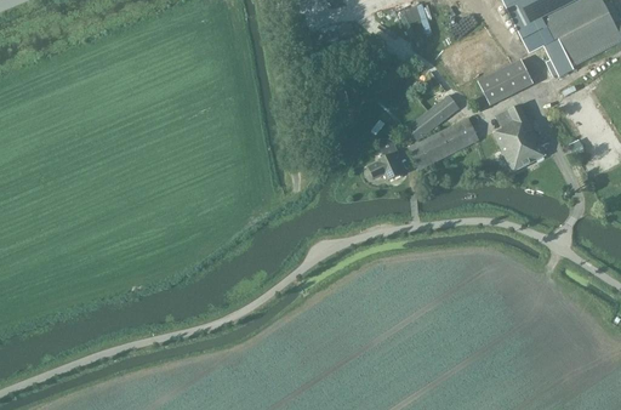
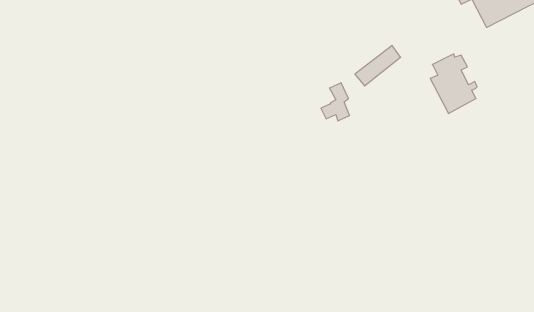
building: [474,58,534,110] -> none
building: [409,118,479,169] -> none

